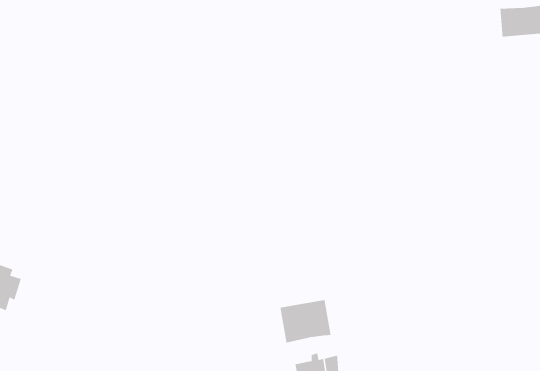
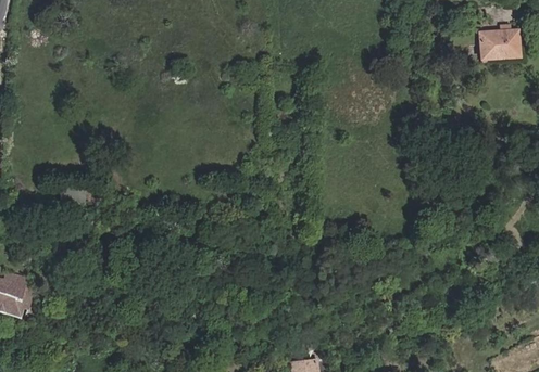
building: [279,299,332,343] -> none

